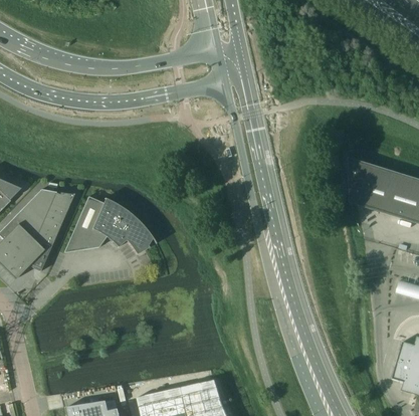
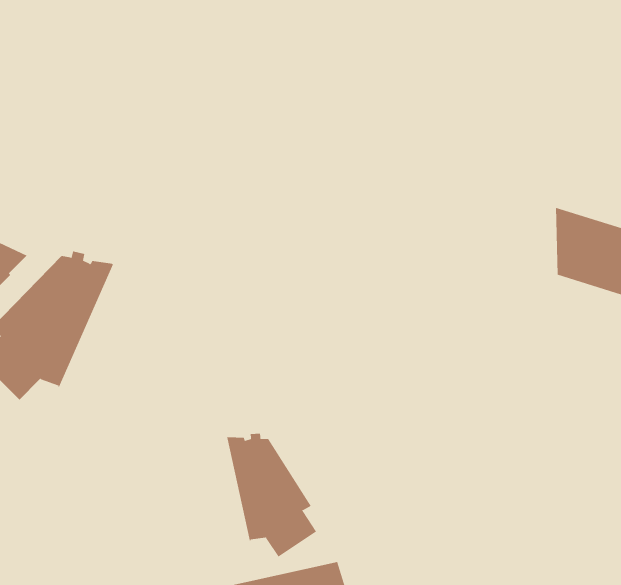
building: [64,192,156,255] -> none
building: none -> [227,433,317,558]

